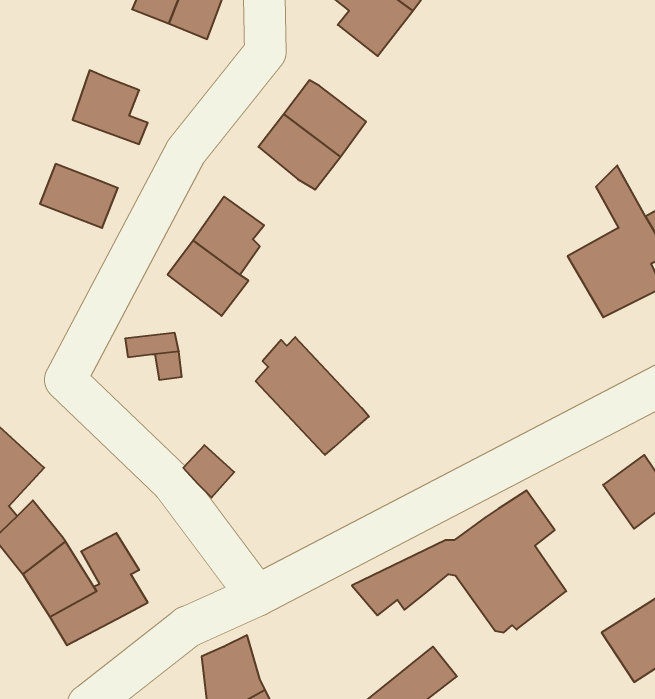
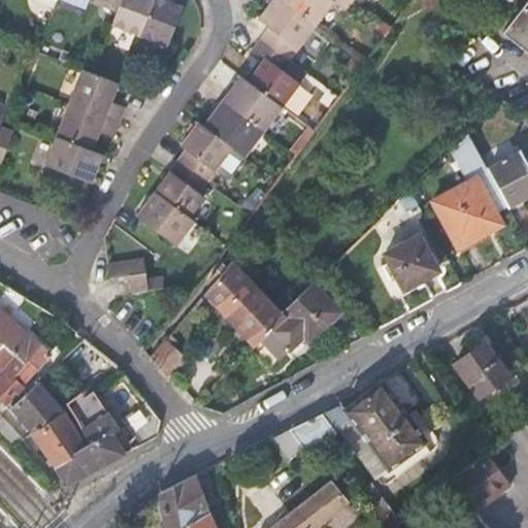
building: none -> [249,34,300,104]
building: none -> [57,103,118,148]
building: none -> [179,120,233,179]
building: none -> [384,236,436,291]
building: none -> [260,285,337,359]

